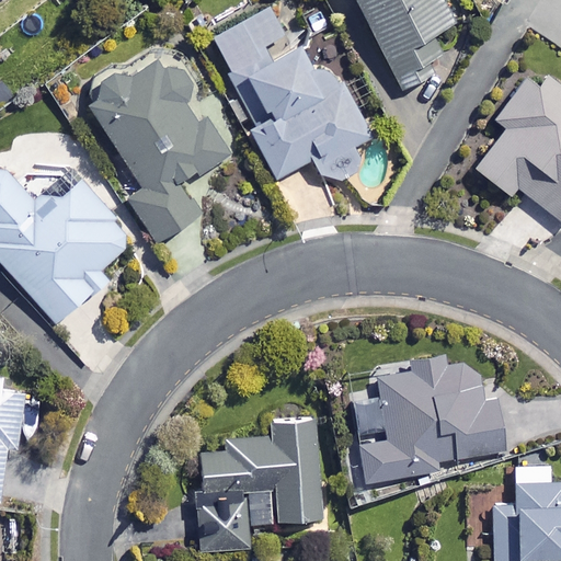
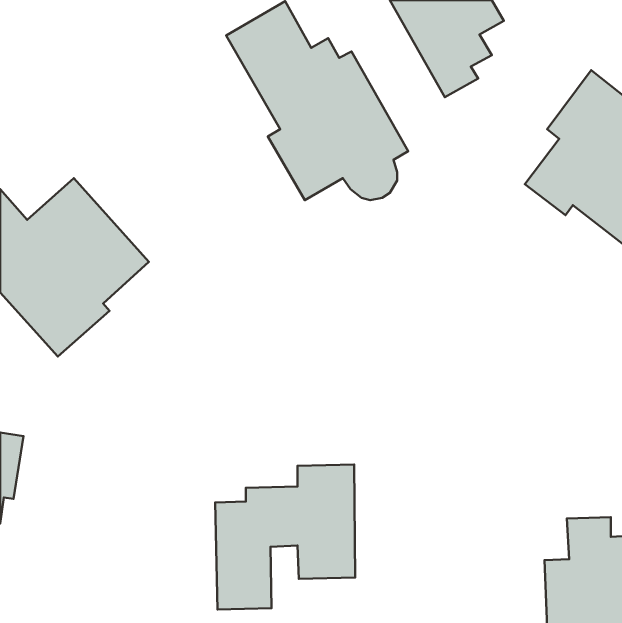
building: [79,41,233,243] -> none
building: [351,353,507,488] -> none

